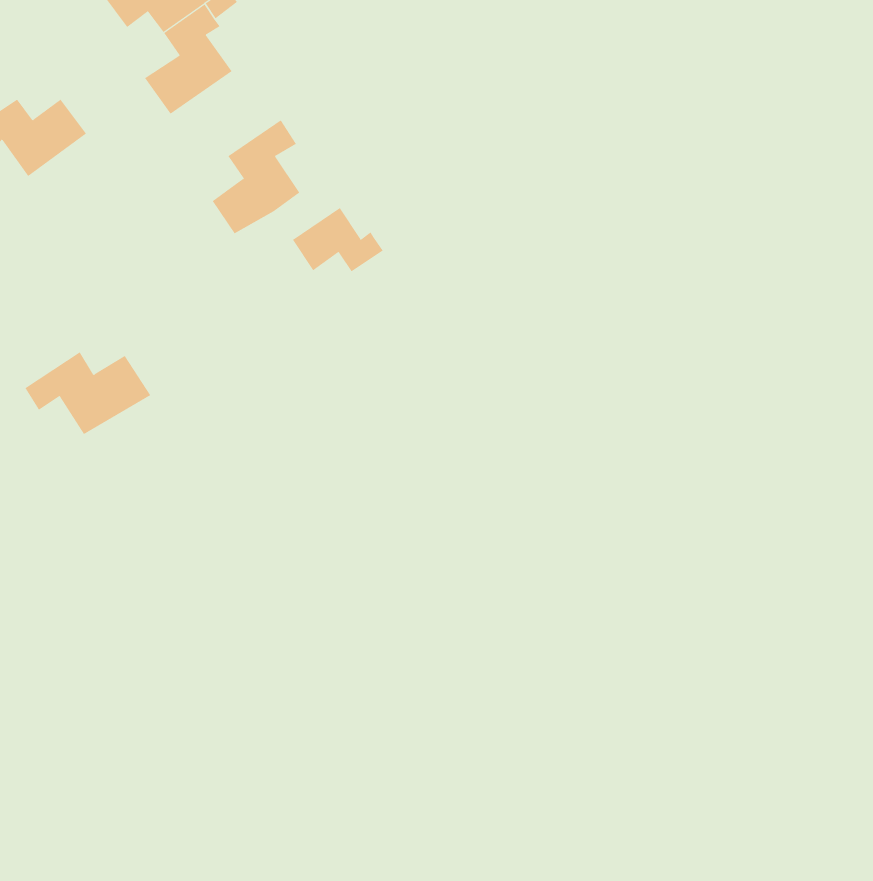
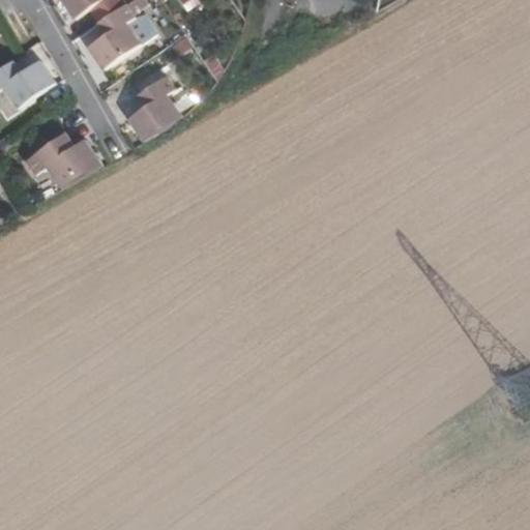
building: [292,207,384,272] -> none
building: [24,352,151,435] -> [23,138,98,187]

